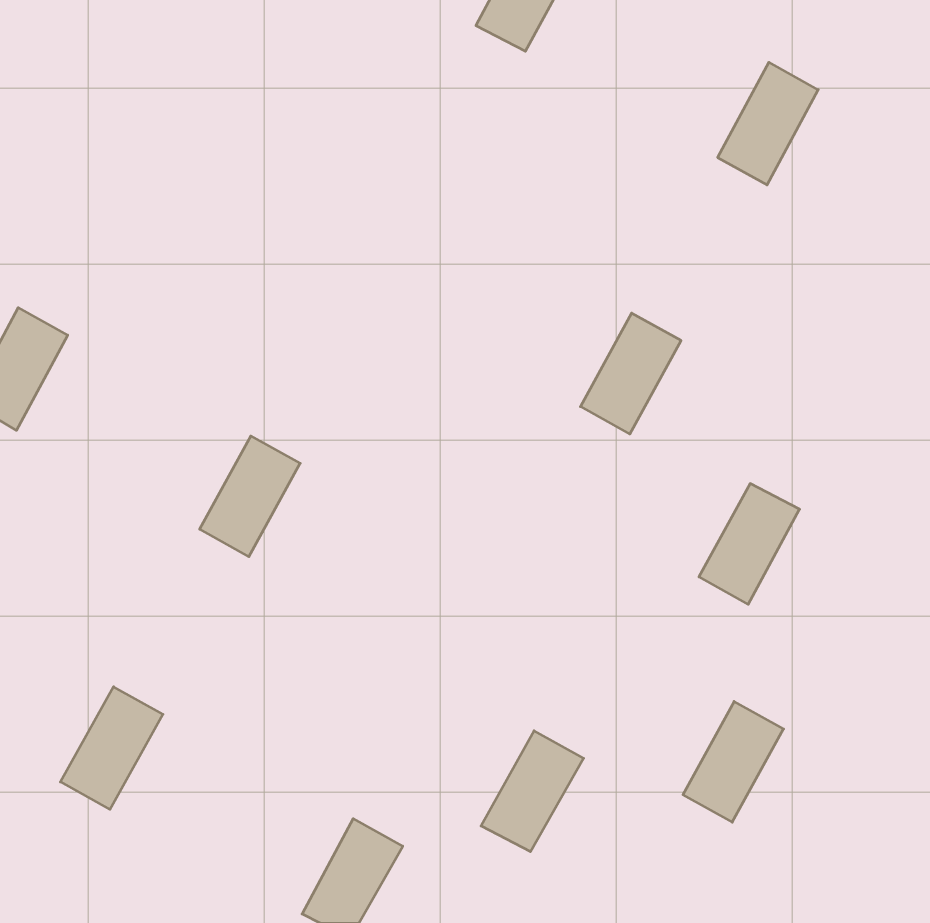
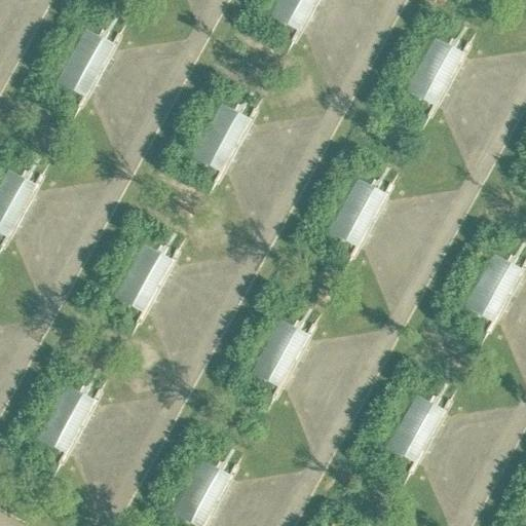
building: none -> [60,30,117,98]
building: none -> [190,102,247,170]
building: [699,484,800,604] -> [461,251,518,318]
building: [481,731,584,852] -> [247,318,304,386]

